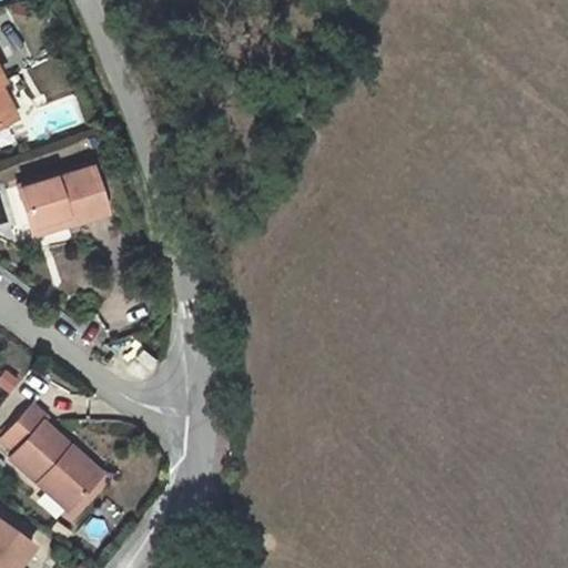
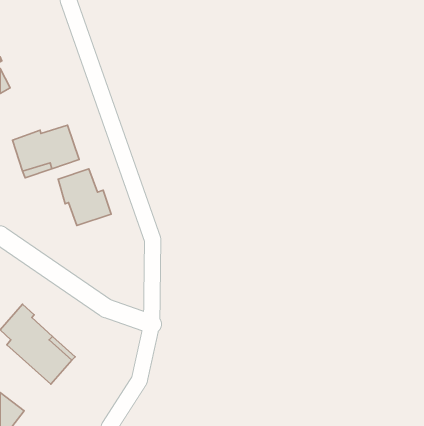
building: none -> [58,169,111,225]

